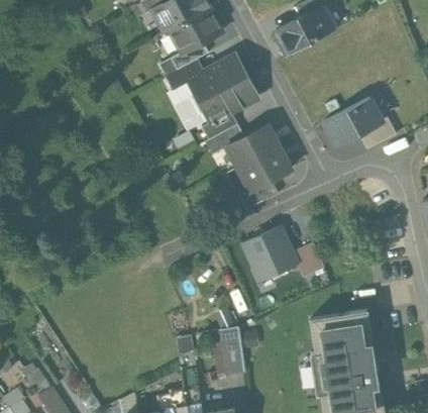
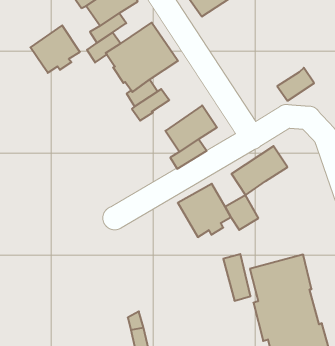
building: none -> [30,25,80,73]
building: [324,98,383,145] -> [231,146,287,195]
building: [226,124,279,168] -> none
building: [220,327,244,375] -> [223,254,251,301]

